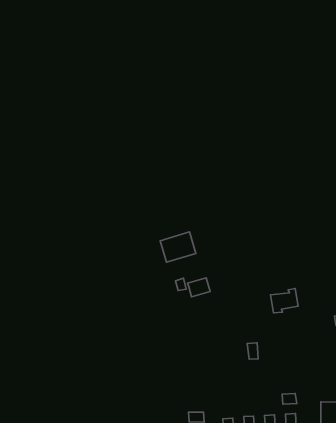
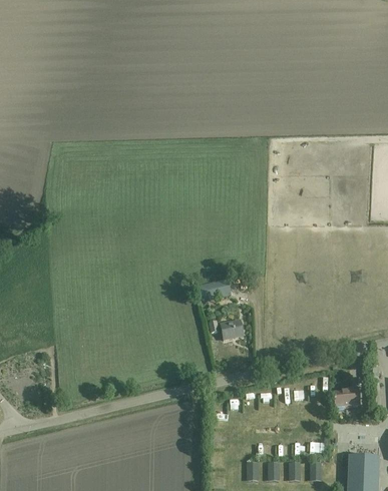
building: [271,288,298,313] -> [334,388,361,411]

